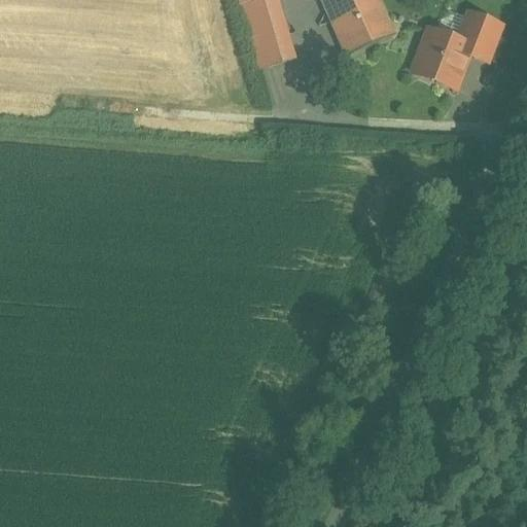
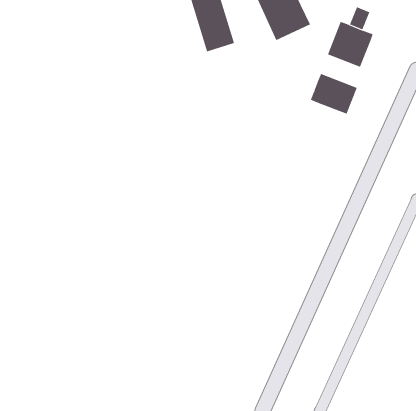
building: [459,11,500,58] -> none
building: none -> [310,73,358,114]

